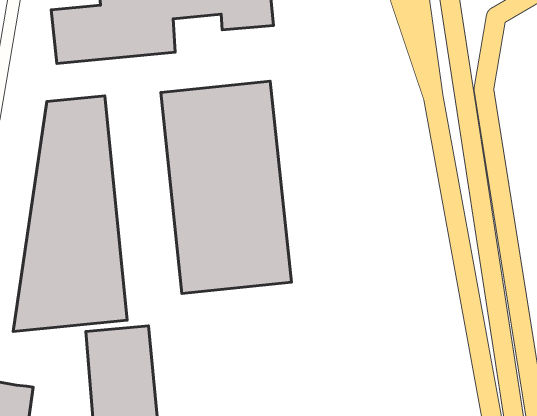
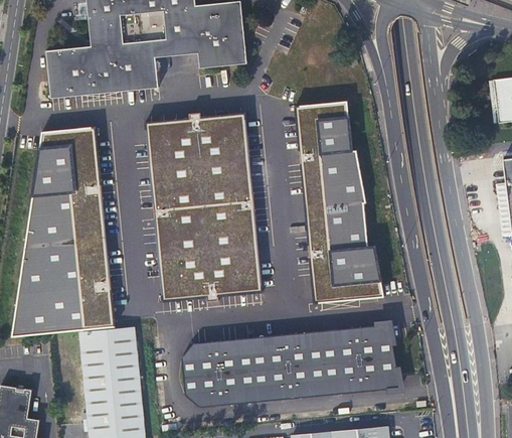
building: none -> [294,103,384,305]
building: none -> [181,325,398,409]

